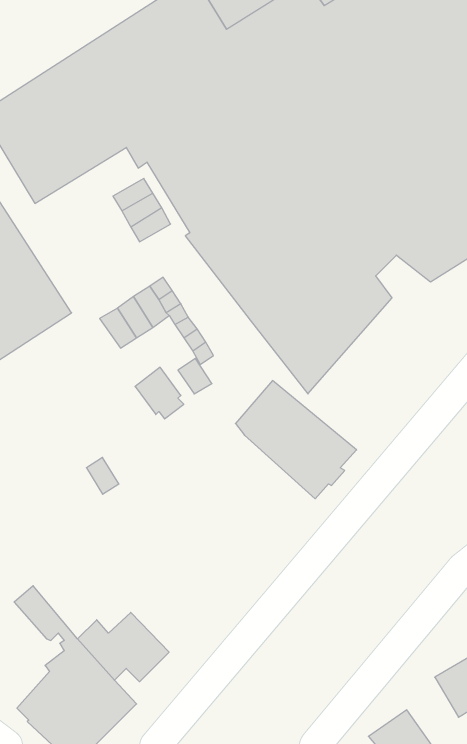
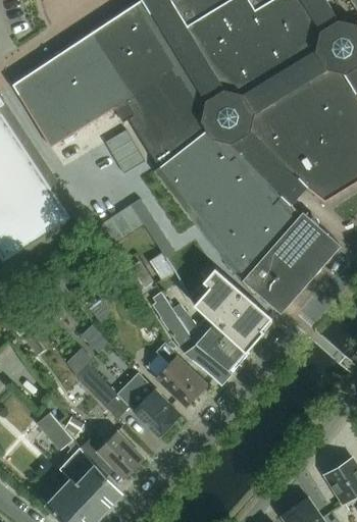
building: none -> [240,211,340,313]
building: none -> [153,292,246,383]
building: none -> [154,342,207,407]
building: none -> [74,363,180,436]

